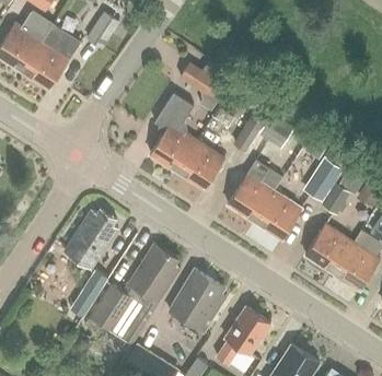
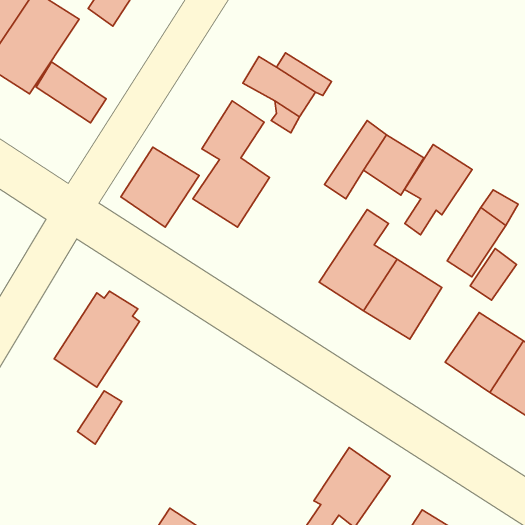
building: none -> [36,62,106,123]
building: none -> [404,145,472,235]
building: [177,140,225,189] -> [121,147,199,227]
building: [90,248,180,344] -> none
building: [169,269,227,333] -> none

